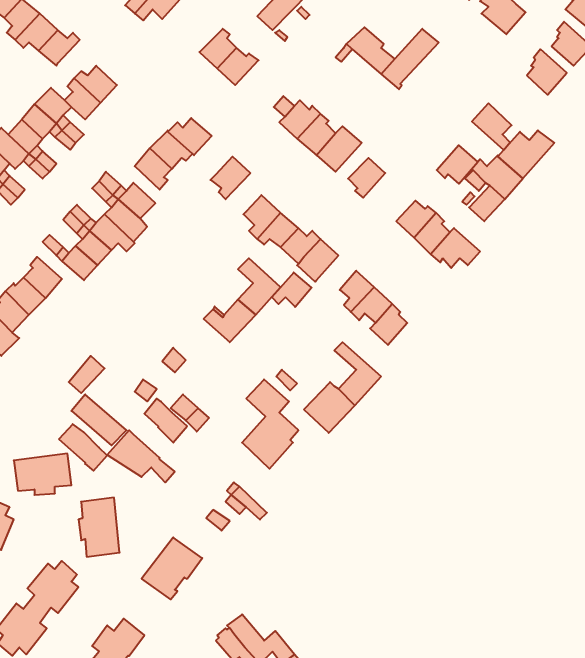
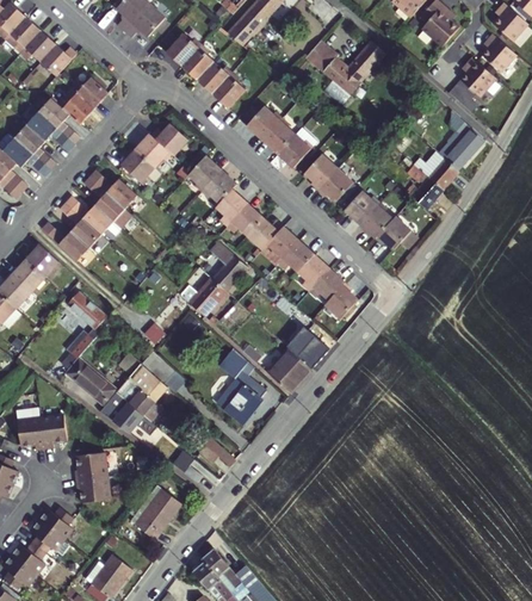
building: none -> [162,32,198,64]
building: none -> [209,72,241,107]
building: [472,103,512,150] -> none
building: [437,145,478,184] -> [320,169,355,203]
building: none -> [200,169,236,203]
building: [272,272,312,307] -> [279,241,314,271]
building: none -> [68,292,107,332]
building: [59,424,107,471] -> [120,383,162,423]

